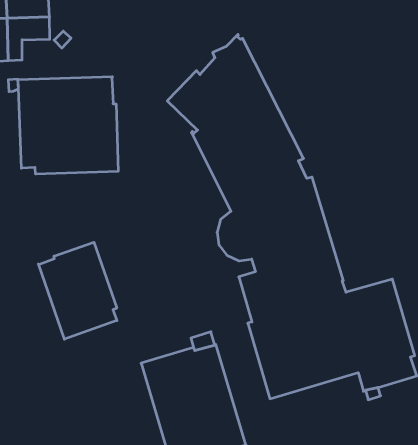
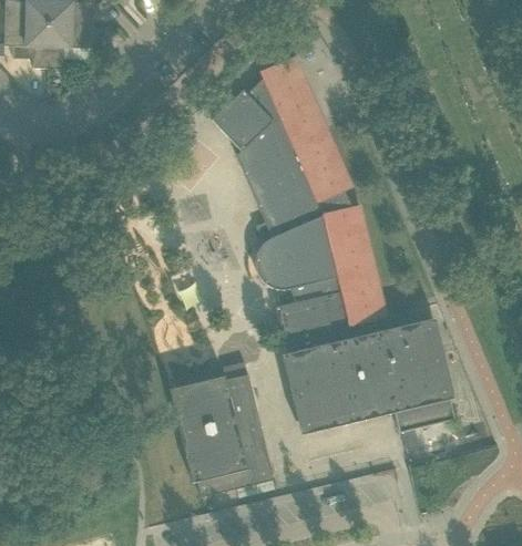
building: [18,77,118,174] -> none
building: [38,242,117,339] -> none

